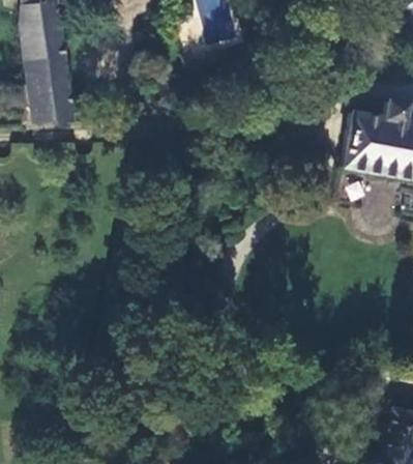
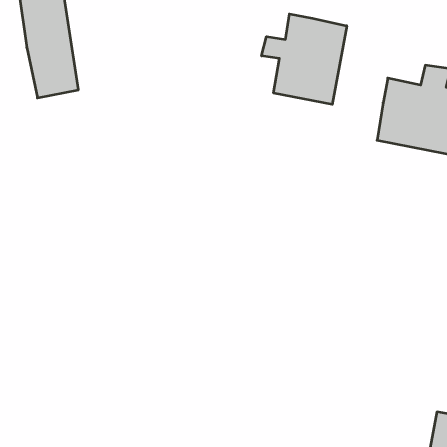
building: none -> [262,14,347,104]

